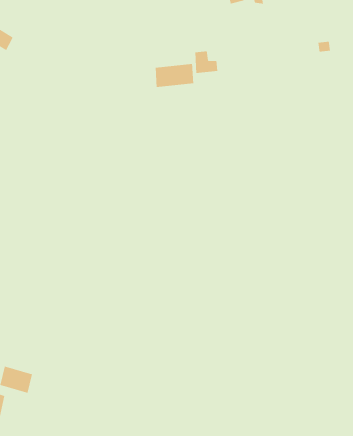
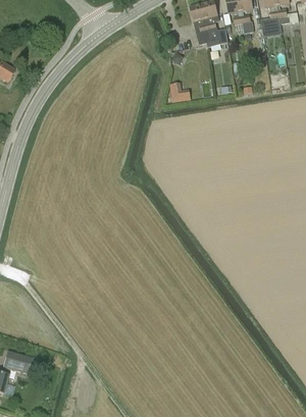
building: [155,63,194,88] -> none

